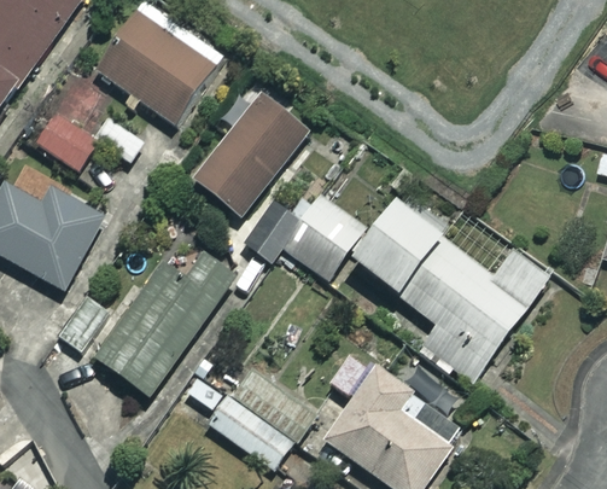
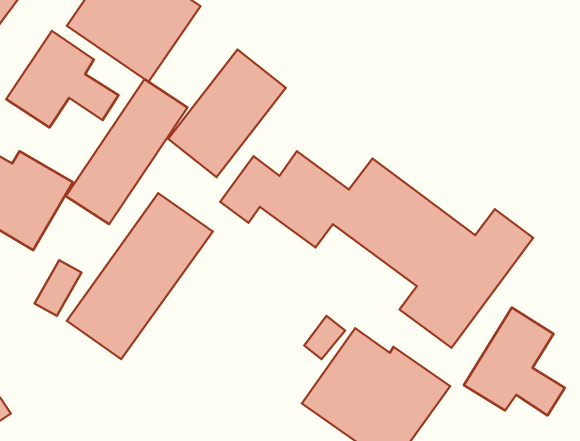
building: none -> [66,79,188,224]
building: none -> [464,308,565,416]
building: [208,396,292,468] -> none

